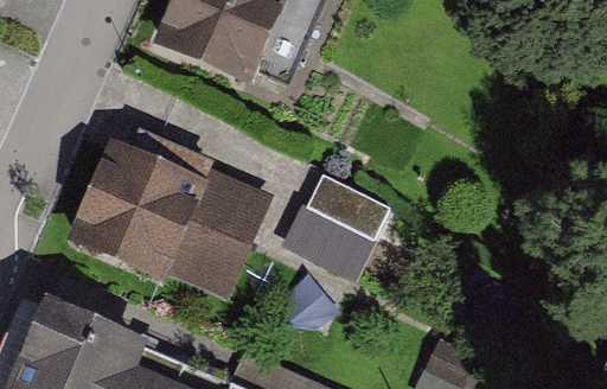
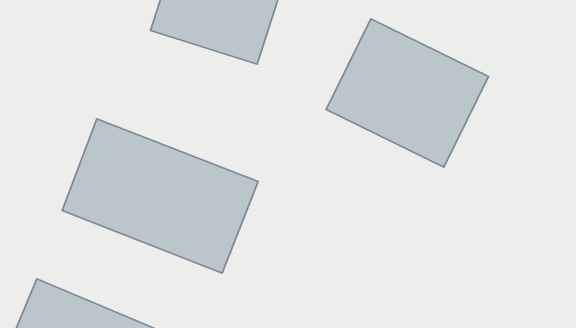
building: none -> [326,19,489,167]
building: [288,178,415,301] -> none

